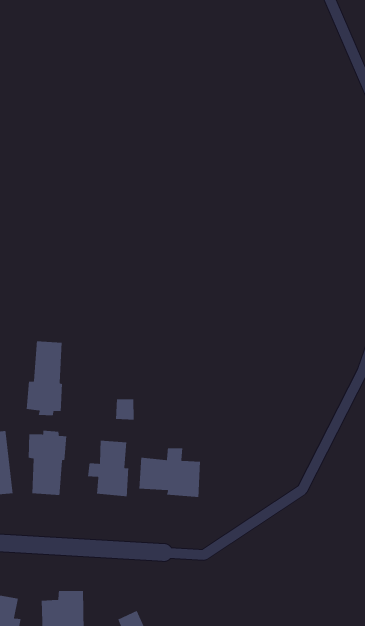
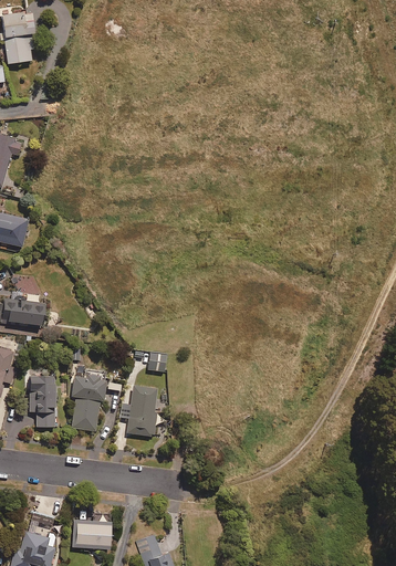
building: [26,341,63,416] -> none
building: [138,447,201,498] -> none

